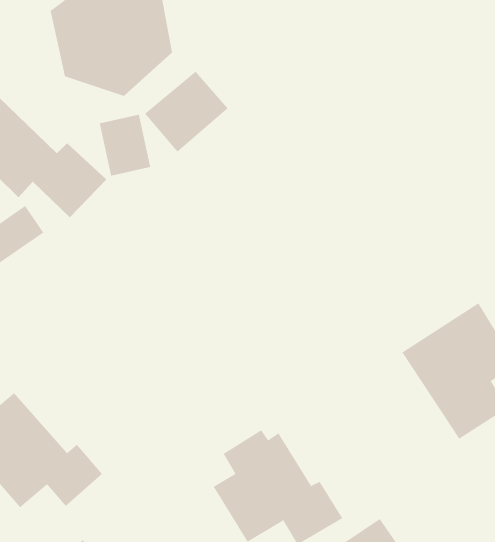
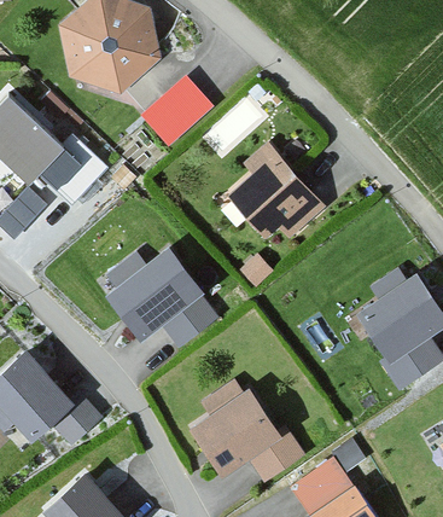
building: [99,114,151,176] -> none
building: none -> [216,141,327,243]
building: none -> [101,246,217,343]

